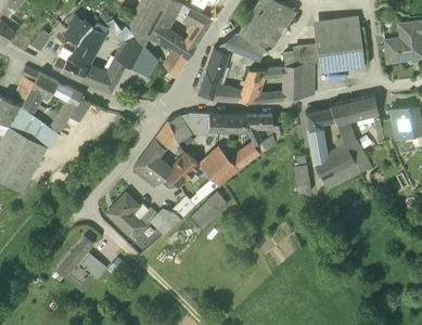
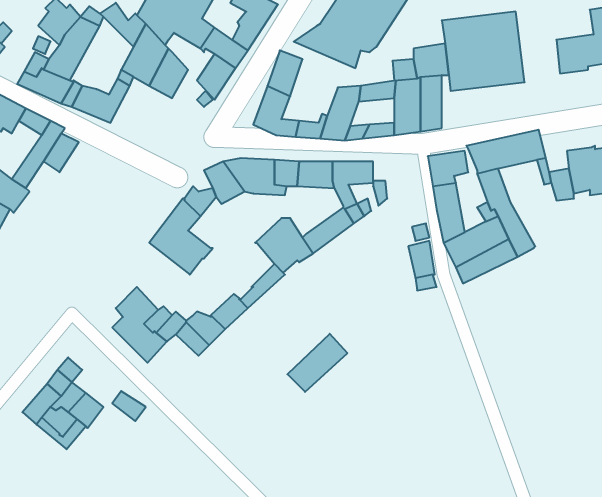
building: [167,154,200,187] -> none
building: [191,192,228,228] -> [287,334,347,392]

